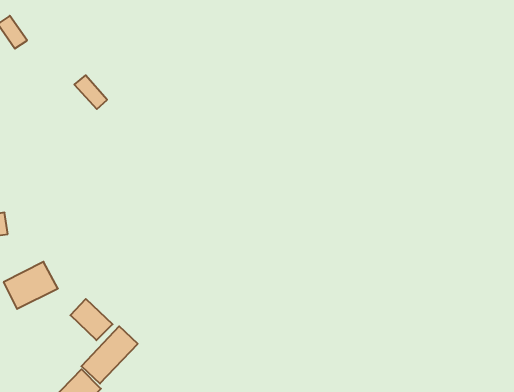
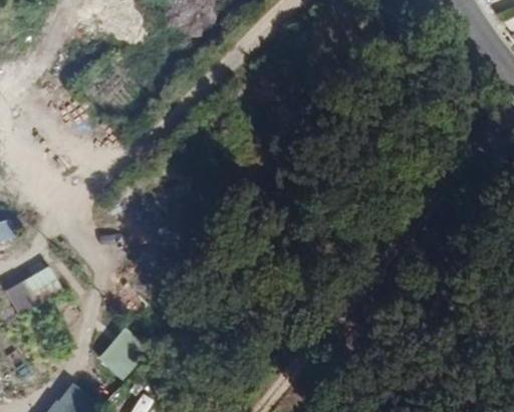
building: [70,299,113,340] -> none

